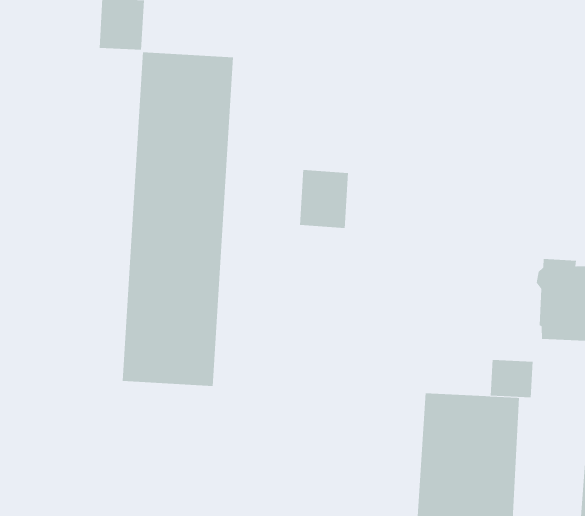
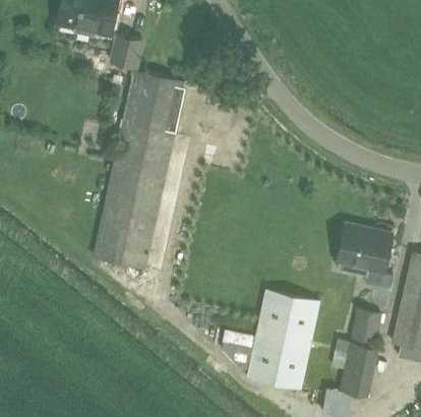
building: [300,169,349,229] -> none
building: [490,359,533,398] -> none

